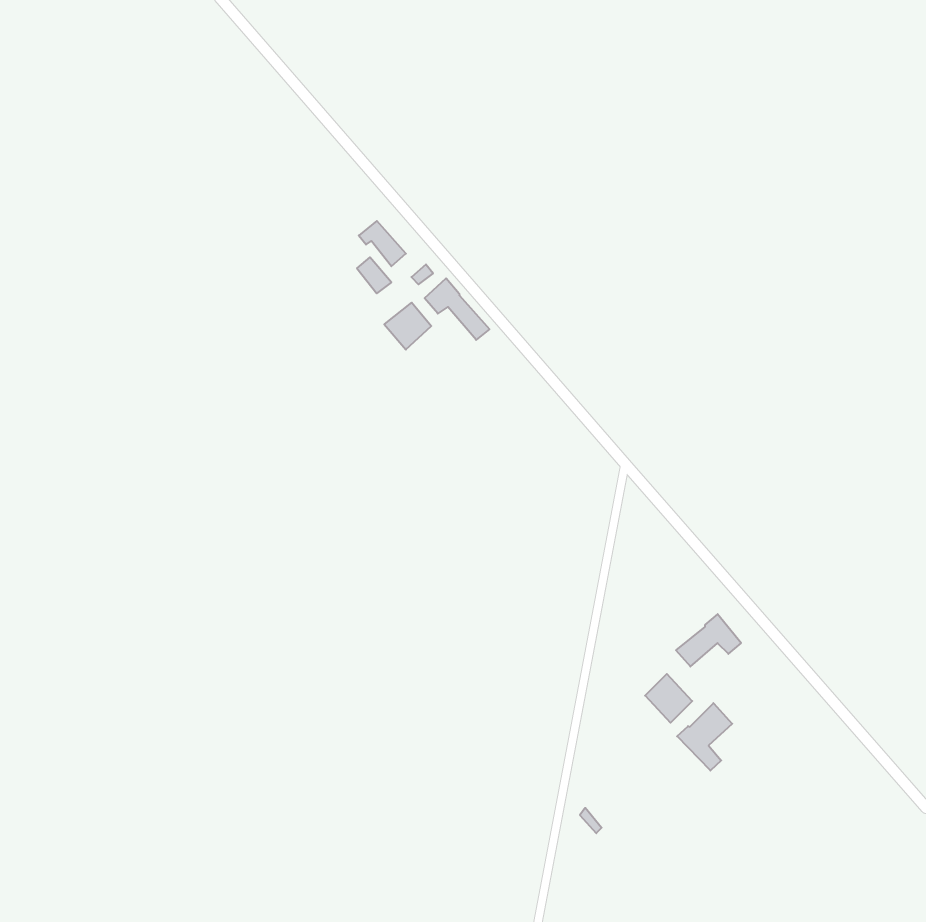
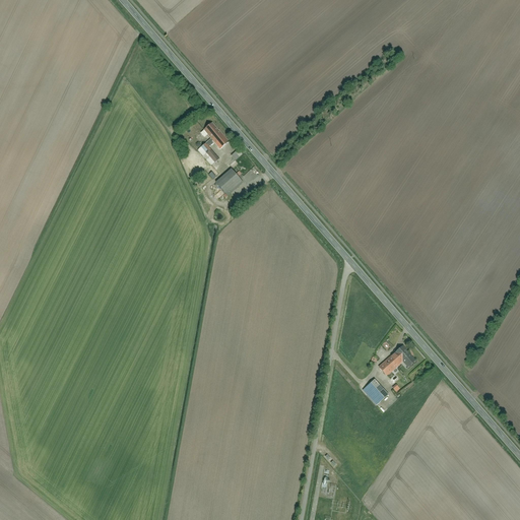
building: [425,278,489,340] -> none
building: [677,703,732,771] -> none

